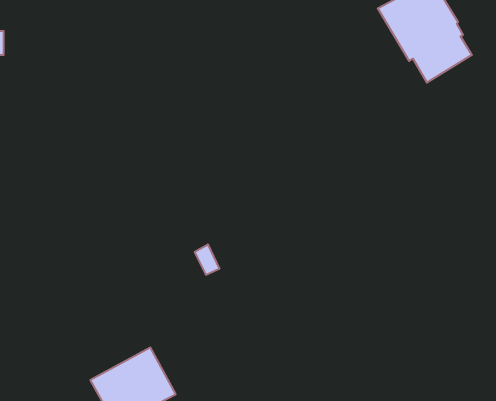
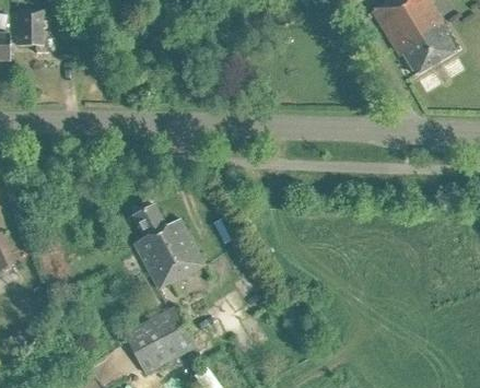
building: none -> [132,203,207,290]

